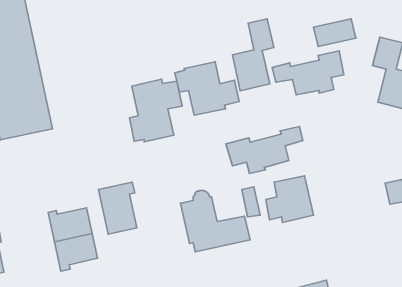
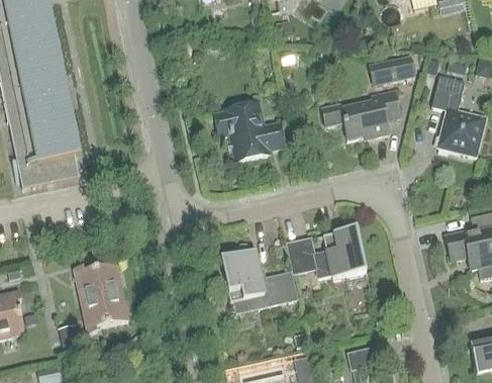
building: [233,19,274,91] -> none
building: [129,79,182,142] -> none
building: [226,126,303,173] -> none
building: [98,182,137,234] -> none

